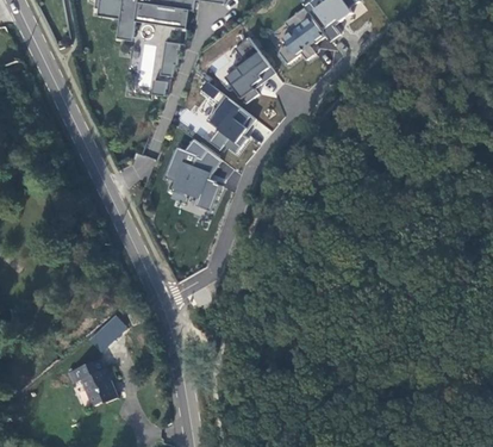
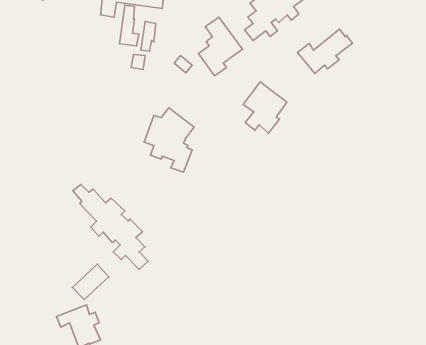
building: none -> [298,29,352,74]
building: [206,95,255,153] -> [243,82,287,133]
building: none -> [73,184,148,269]

